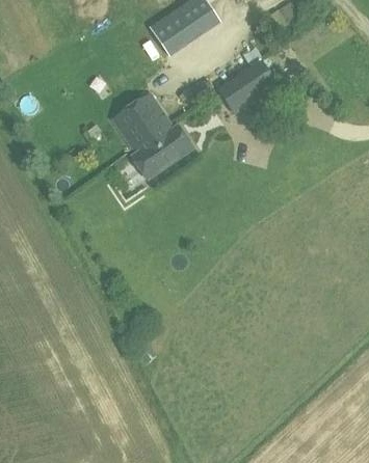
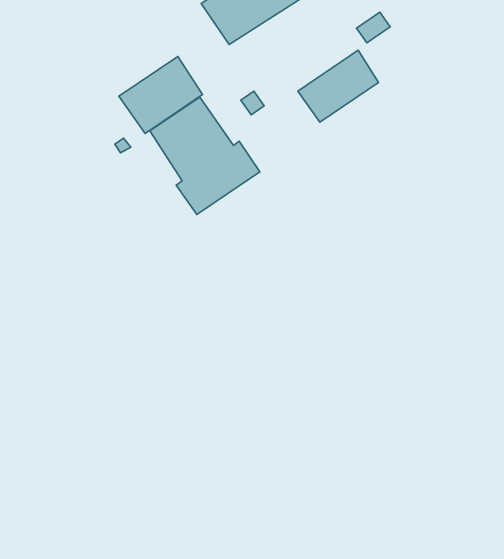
building: none -> [119,56,203,134]

